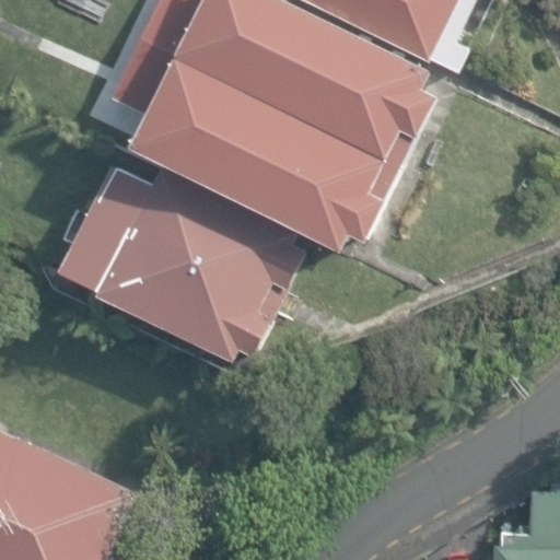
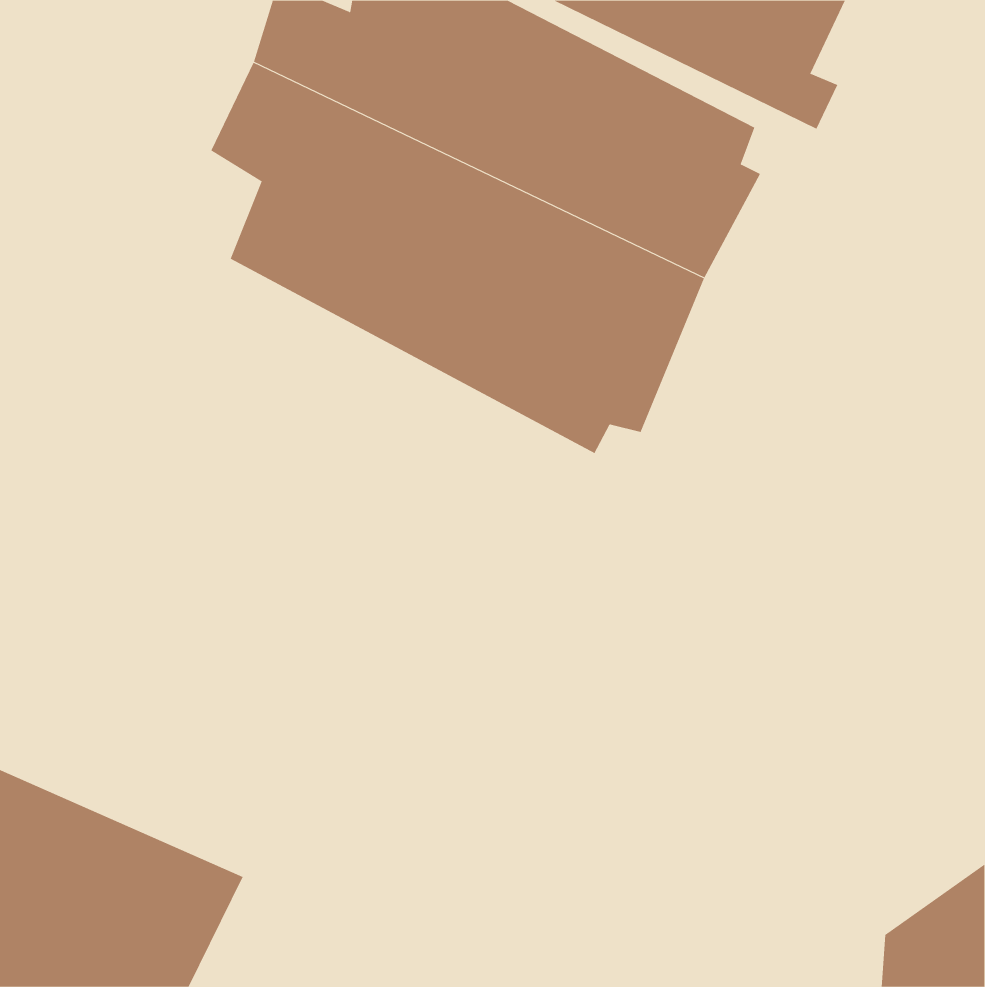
building: [59,164,294,352] -> none

